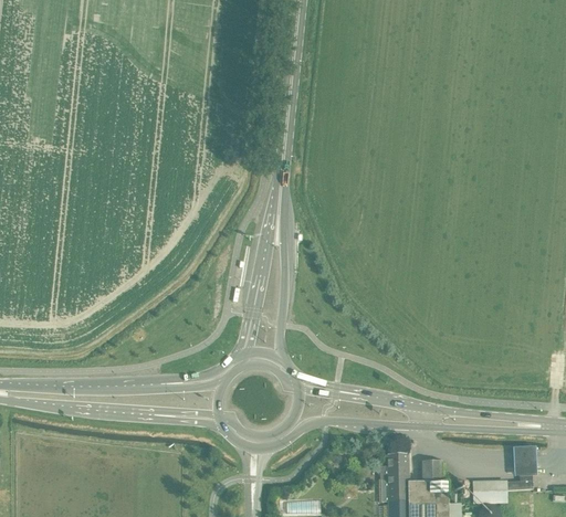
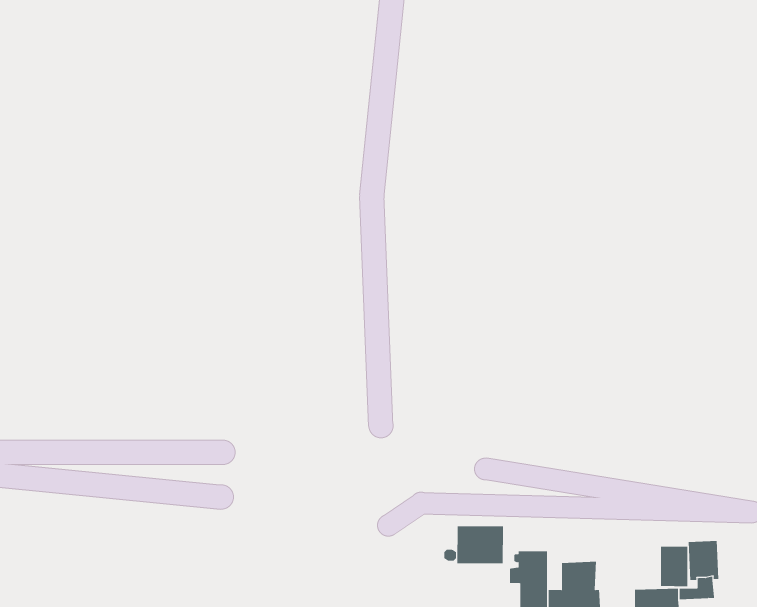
building: none -> [457,526,504,564]
building: none -> [660,546,688,587]

